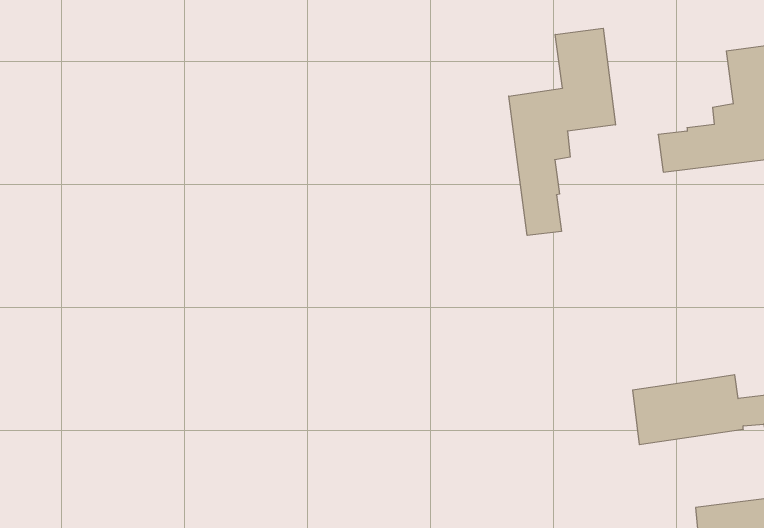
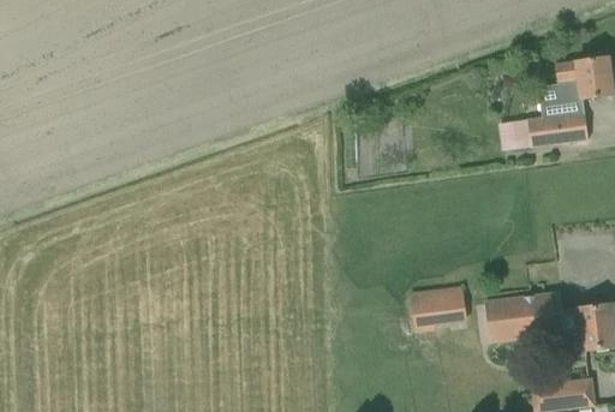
building: [509,28,615,235] -> none
building: none -> [414,288,466,327]

